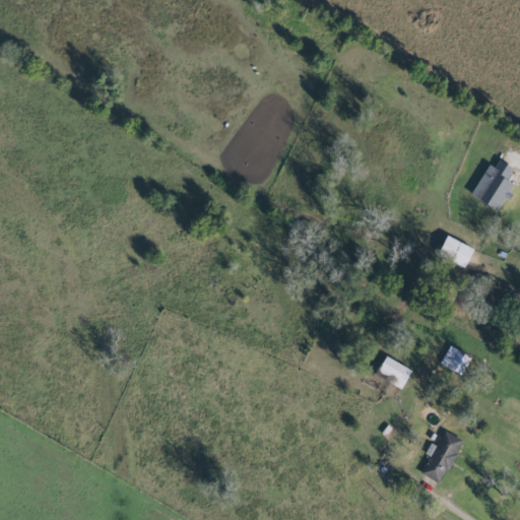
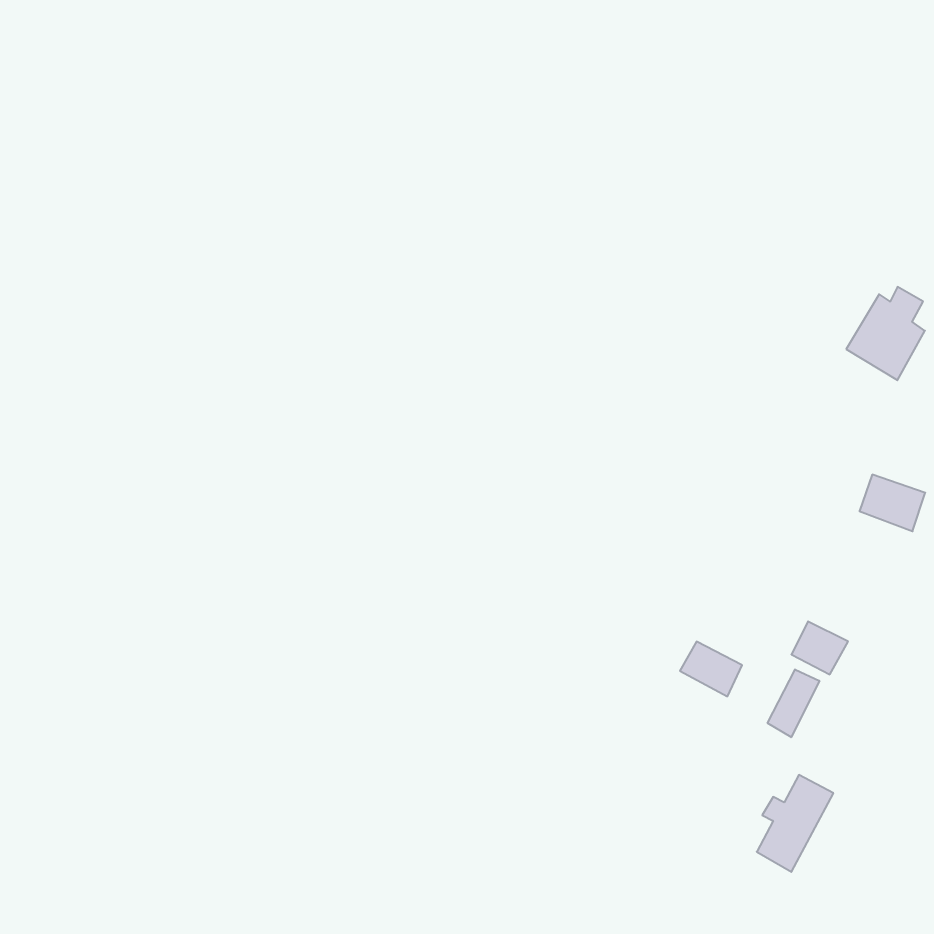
building: [439,237,475,268] -> [859,475,925,531]
building: none -> [768,669,819,737]

